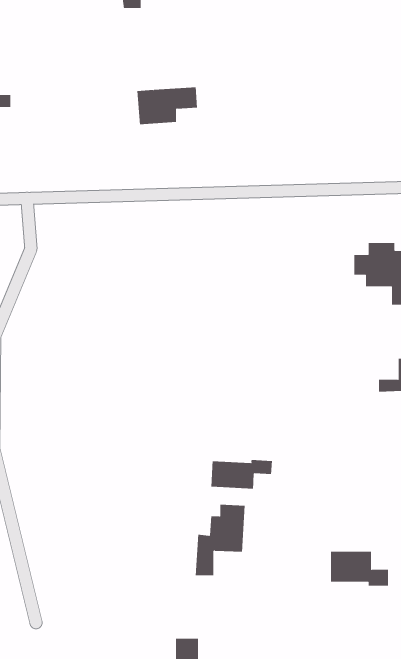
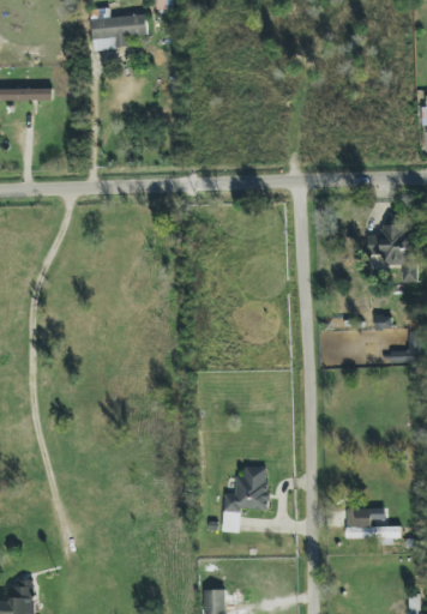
building: [137,87,198,125] -> [90,14,146,49]
building: [211,459,272,490] -> none

